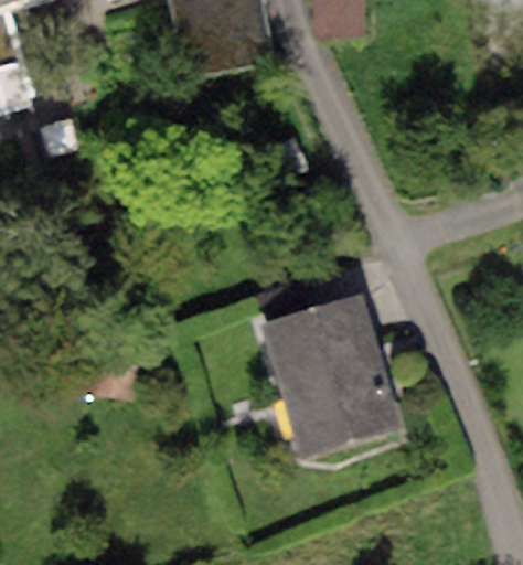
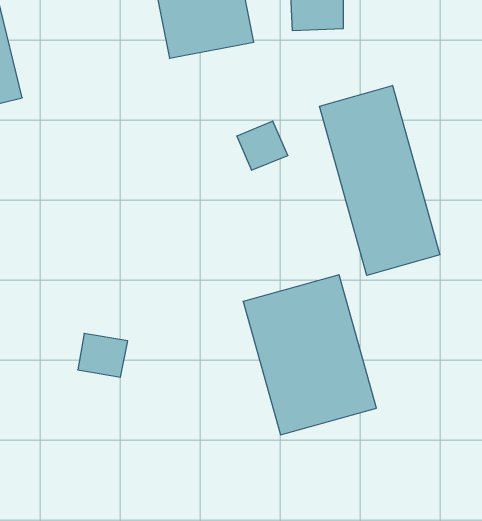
building: none -> [319,85,440,275]

